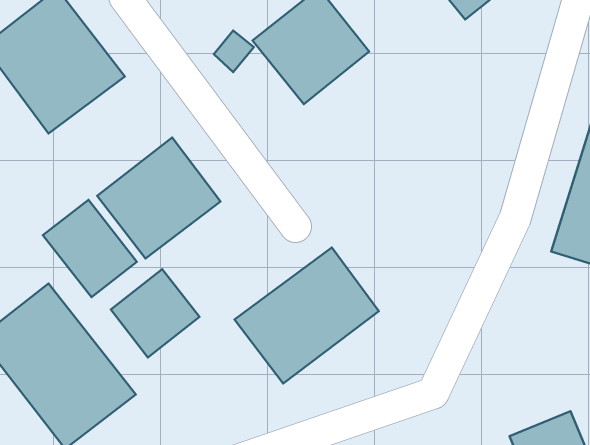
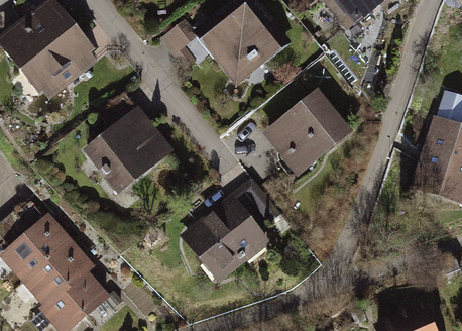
building: none -> [261,88,351,176]
building: [43,200,137,297] -> none
building: [111,269,199,357] -> none

